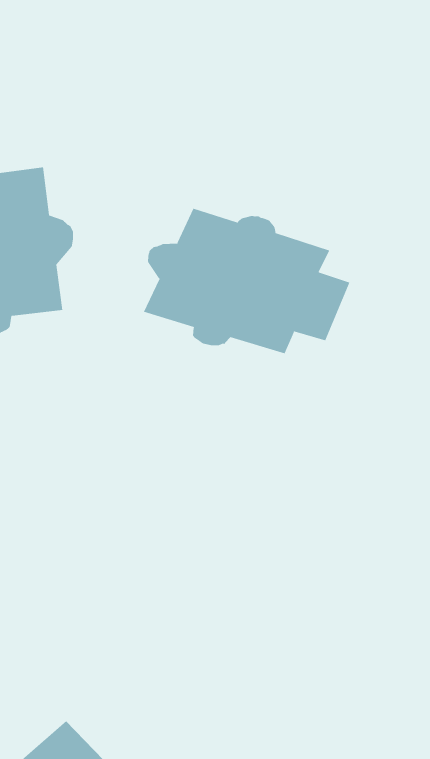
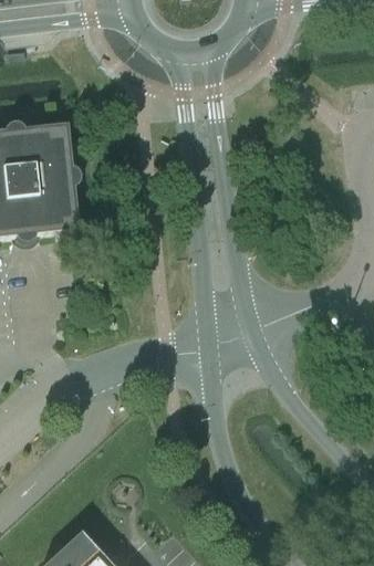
building: [143,208,350,354] -> none

